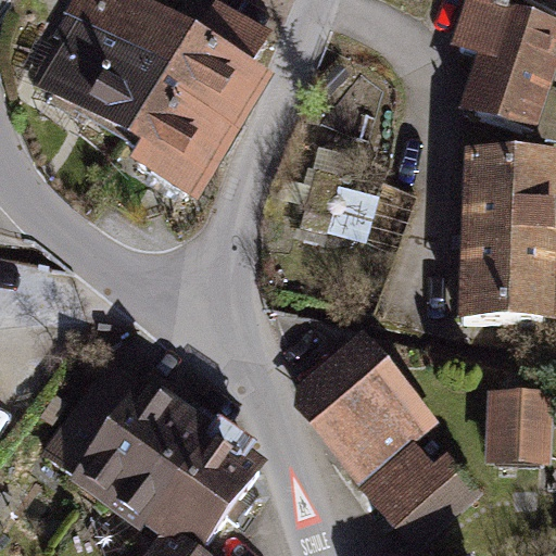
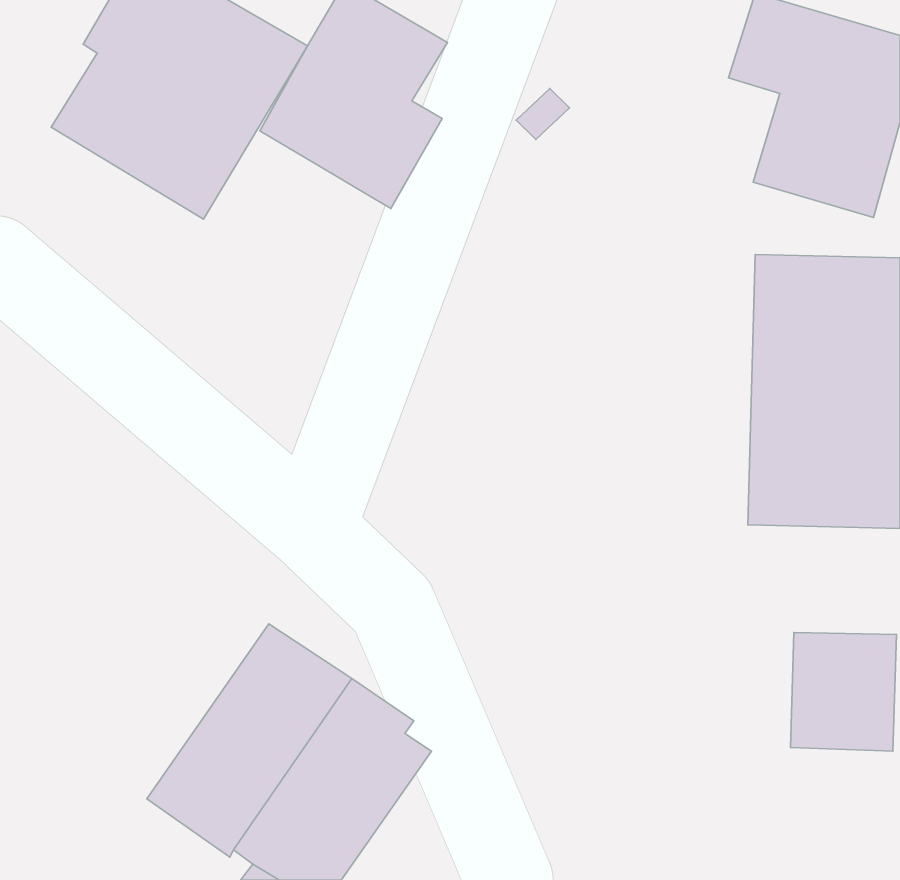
building: [125,80,240,202] -> none
building: [292,325,482,532] -> none
building: [39,354,165,491] -> none

